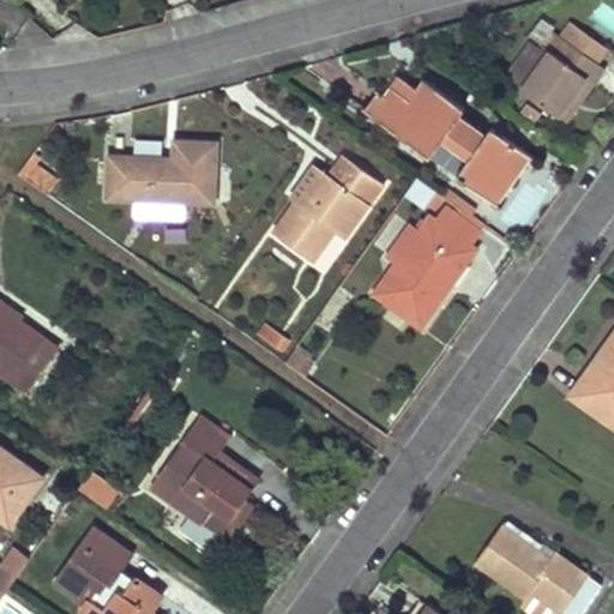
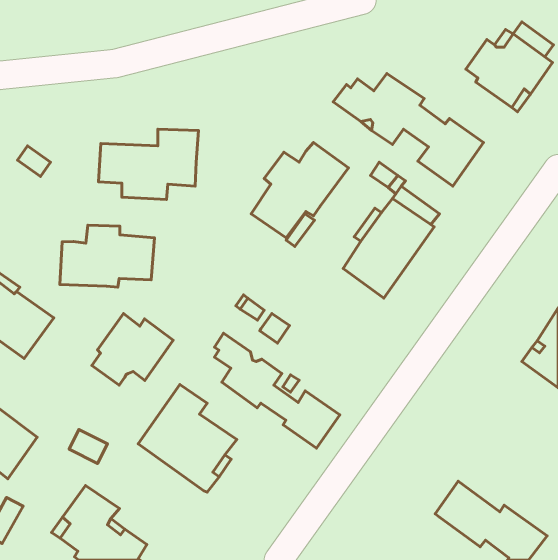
building: none -> [60,225,154,287]
building: none -> [92,314,173,385]
building: none -> [214,333,340,448]

